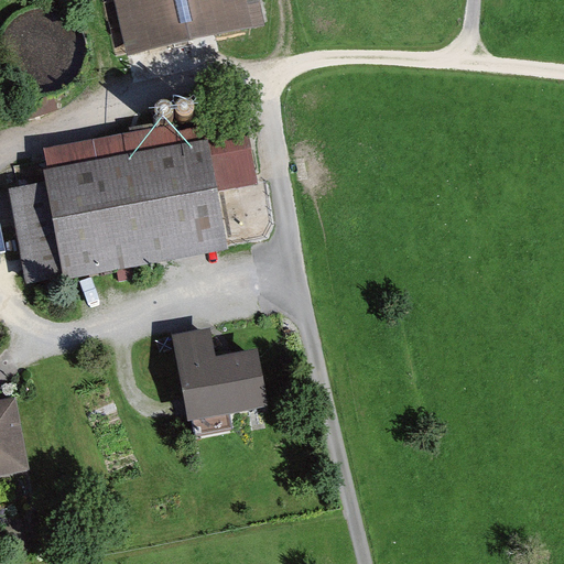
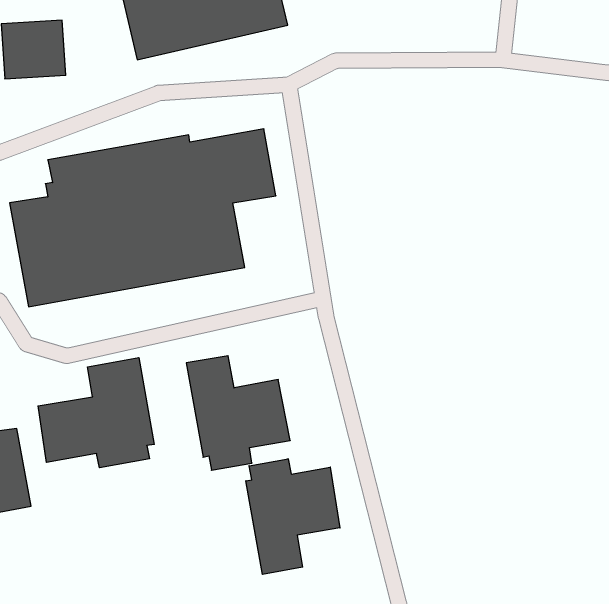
building: none -> [38,358,154,468]
building: none -> [246,459,340,574]

